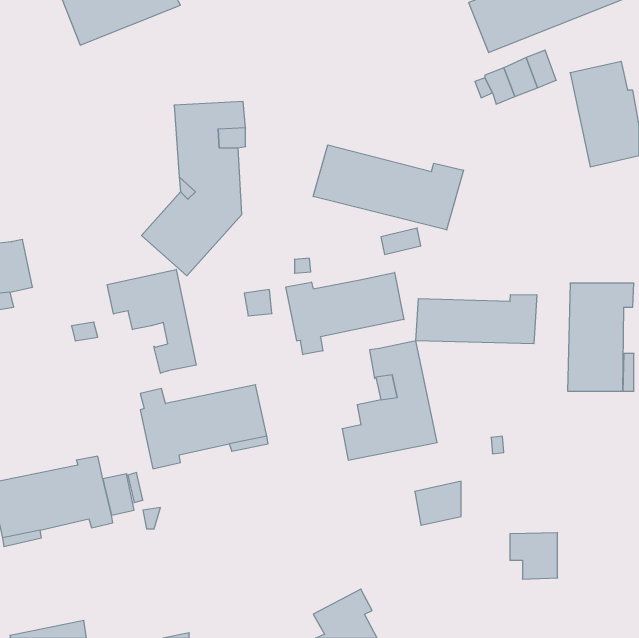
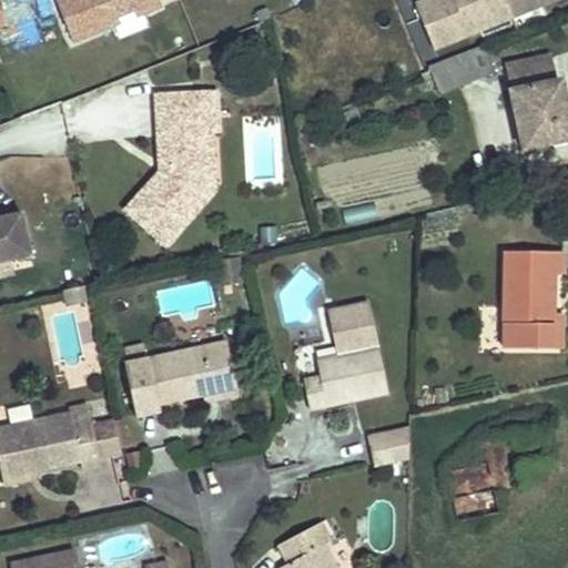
building: [313,145,463,230] -> none
building: [107,269,196,373] -> none
building: [286,272,404,355] -> none
building: [416,295,537,344] -> none

